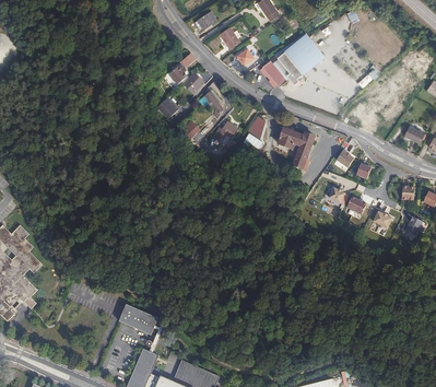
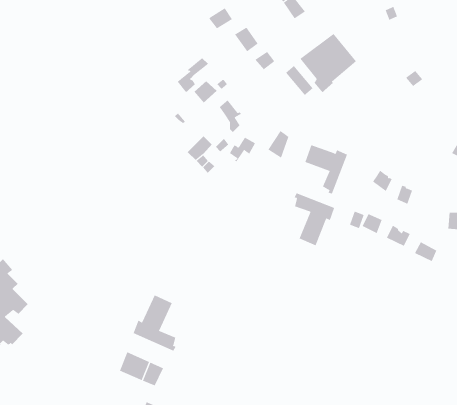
building: none -> [294,193,335,246]
building: none -> [133,294,177,352]

